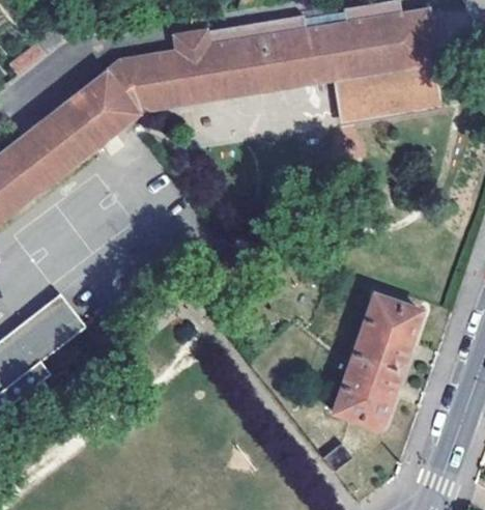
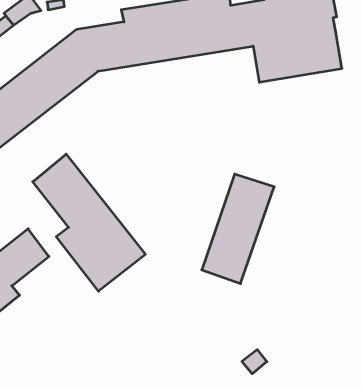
building: none -> [33,154,145,291]
building: [333,295,420,427] -> [202,174,274,284]

